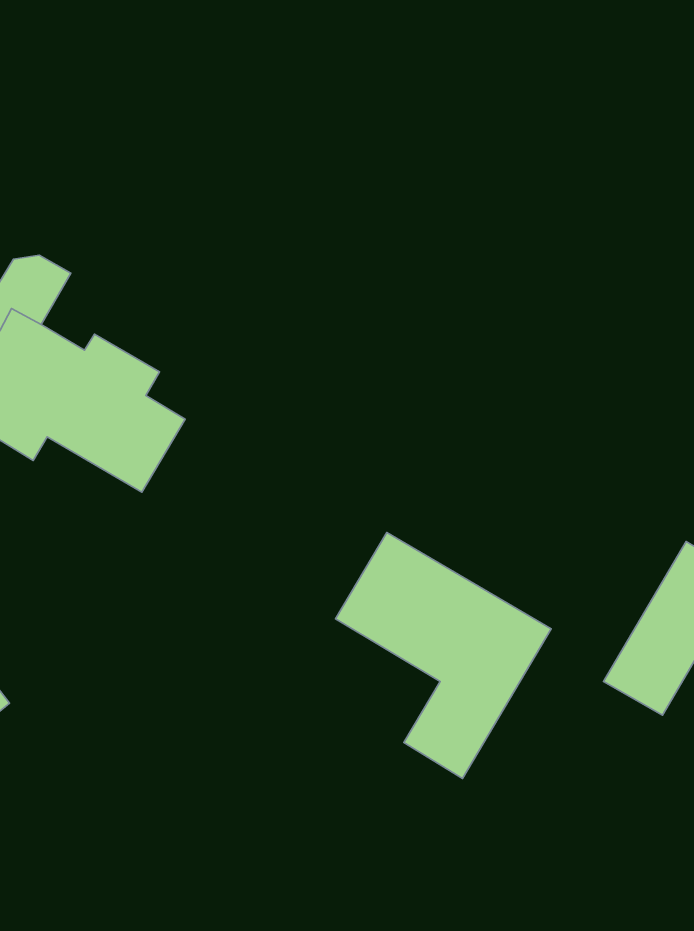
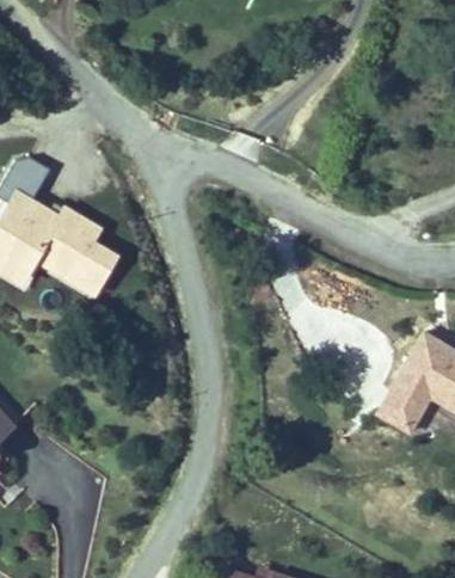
building: [335,533,551,779] -> none

